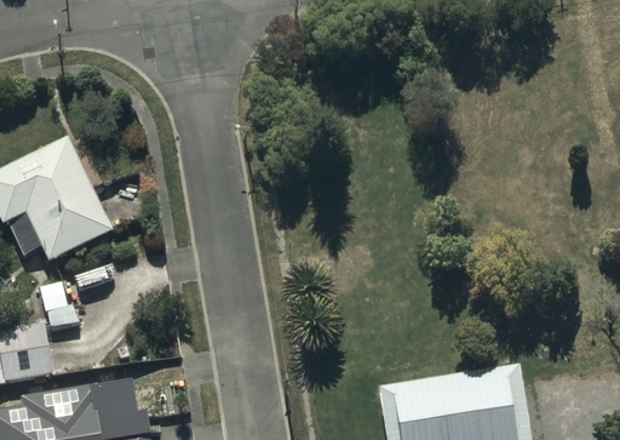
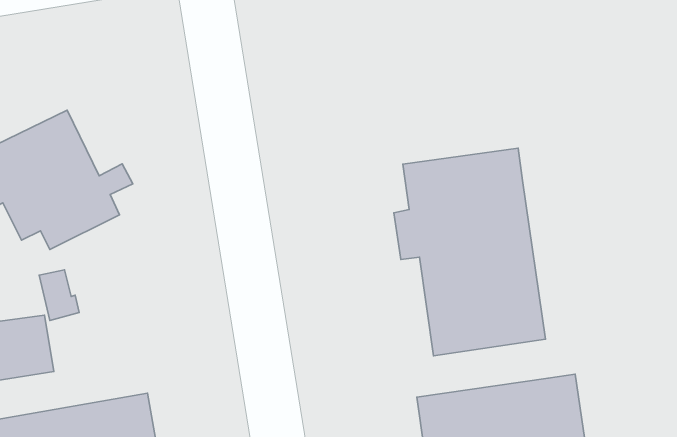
building: none -> [394,148,546,356]

